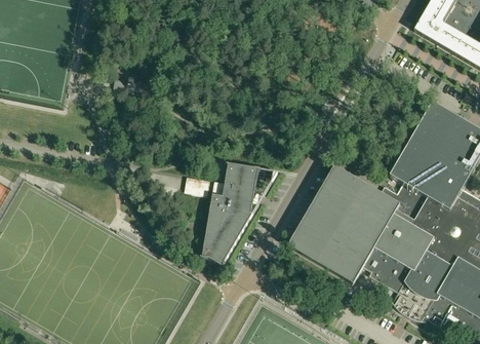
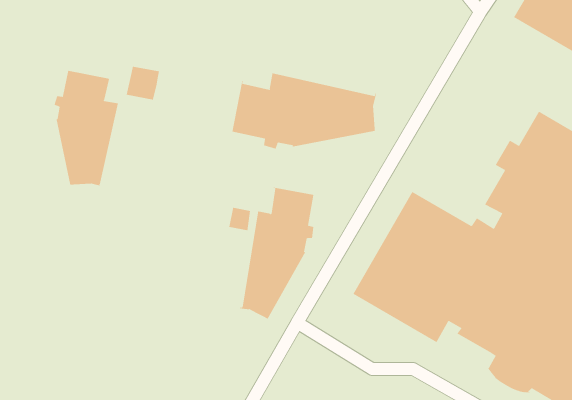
building: none -> [54,69,118,187]
building: none -> [231,73,377,149]

